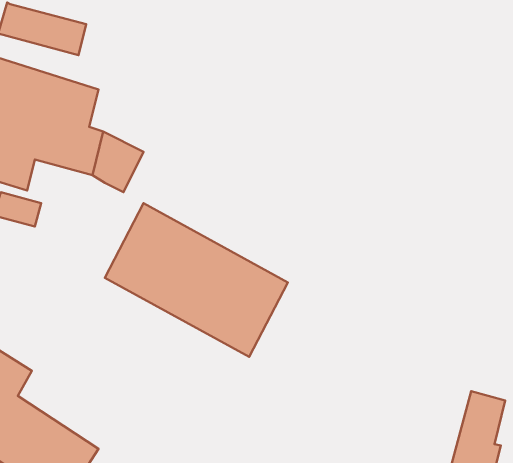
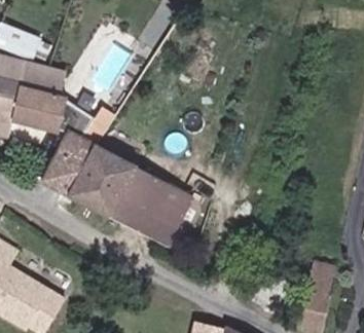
building: none -> [44,128,96,191]

